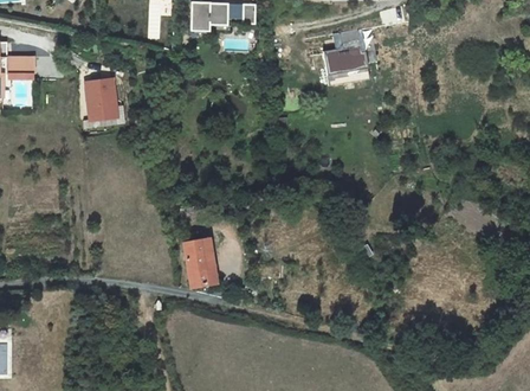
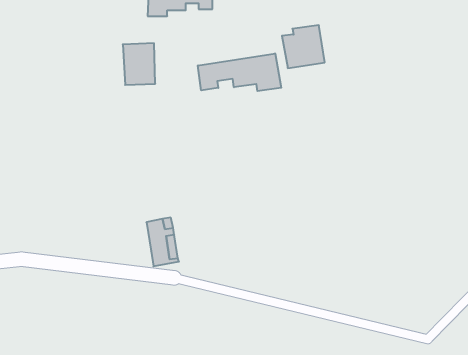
building: none -> [198,53,281,91]
building: [83,78,116,121] -> [123,43,155,85]

